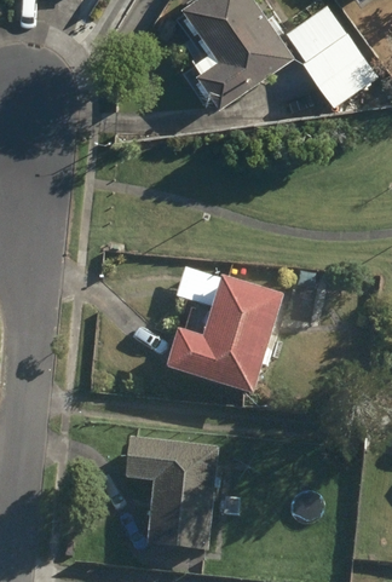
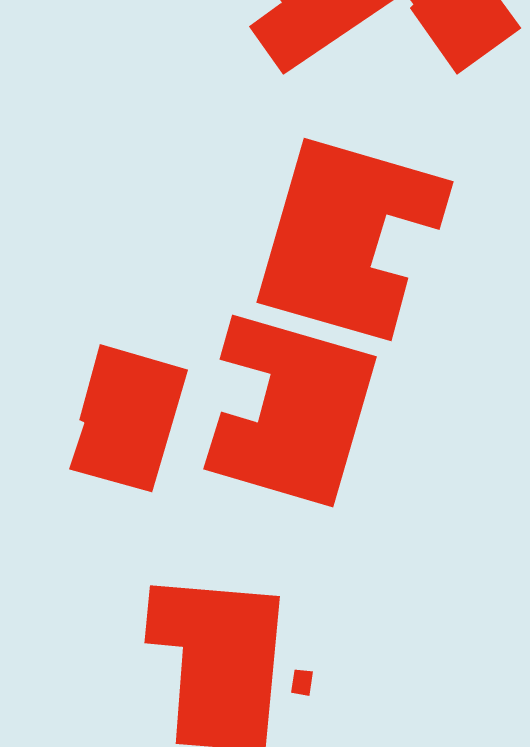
building: none -> [256,137,455,342]
building: none -> [68,343,189,493]

